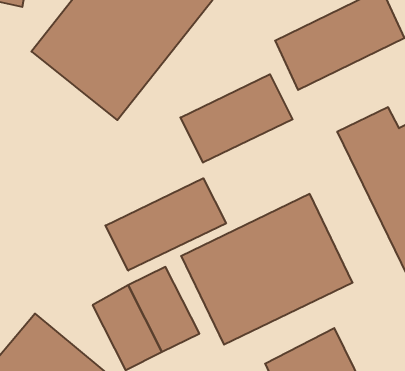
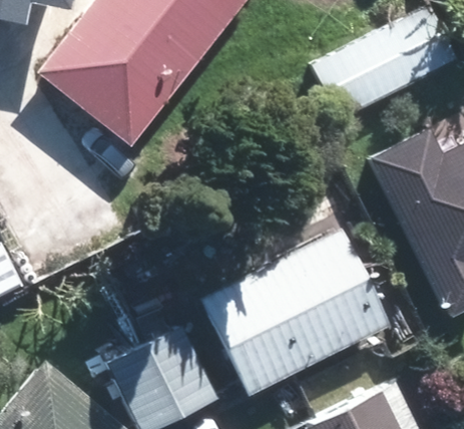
building: [180,74,293,163] -> none
building: [105,178,226,271] -> none

